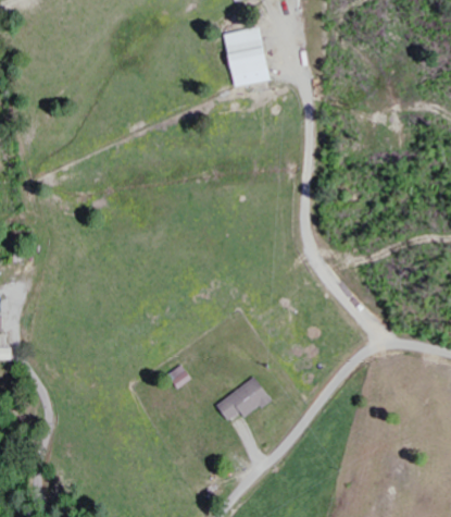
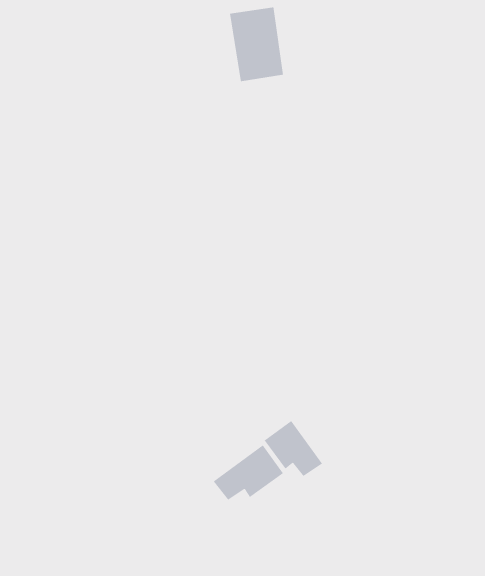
building: none -> [264,420,323,477]

